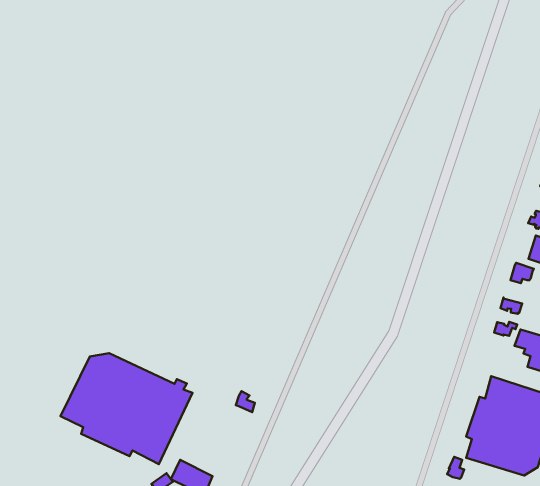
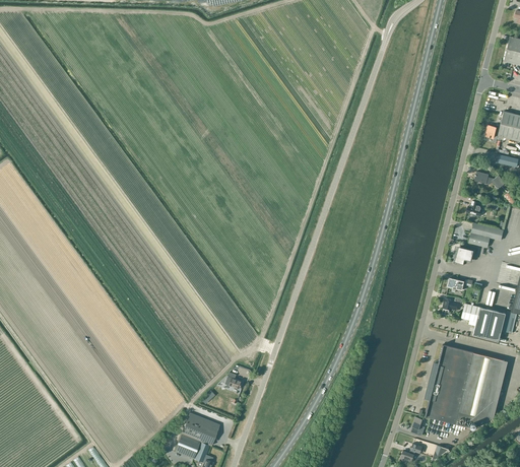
building: [60,353,193,464] -> none
building: none -> [182,412,221,446]

